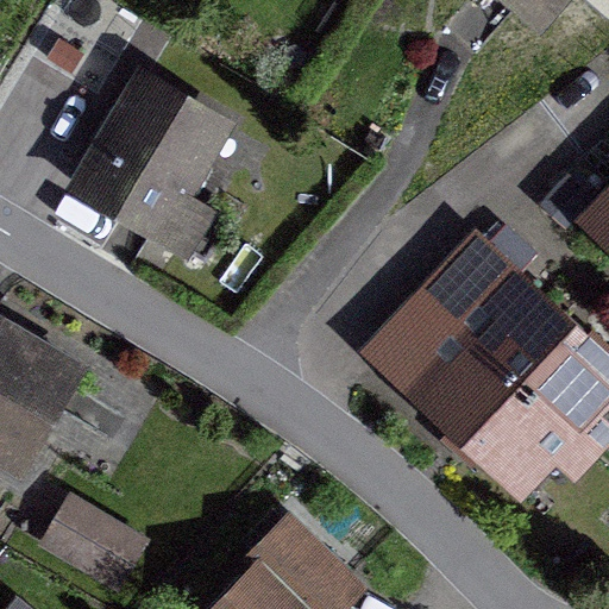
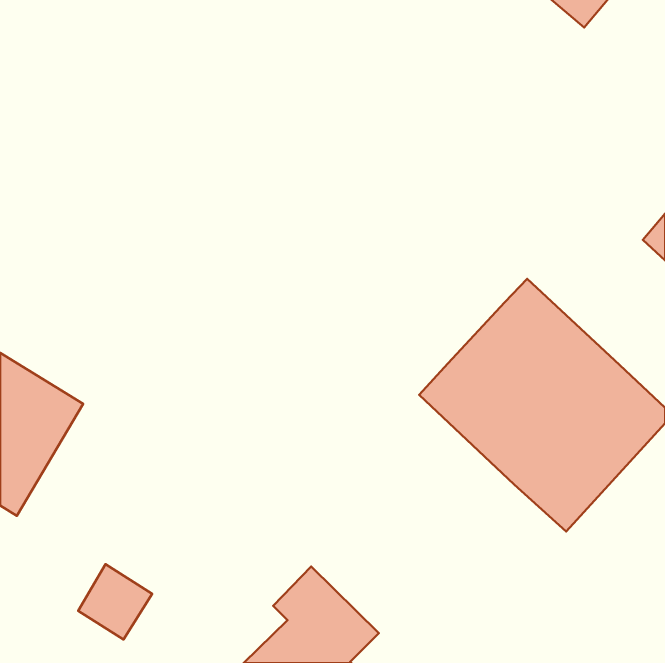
building: [76,77,219,234] -> none

